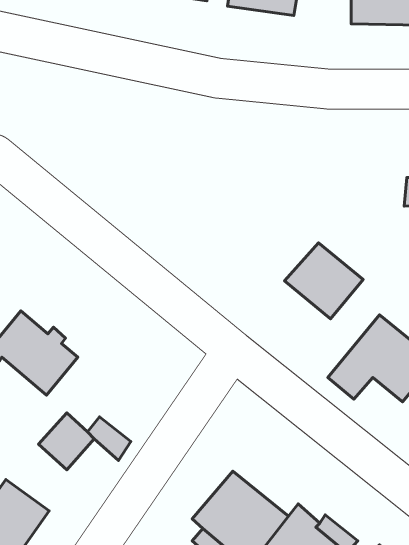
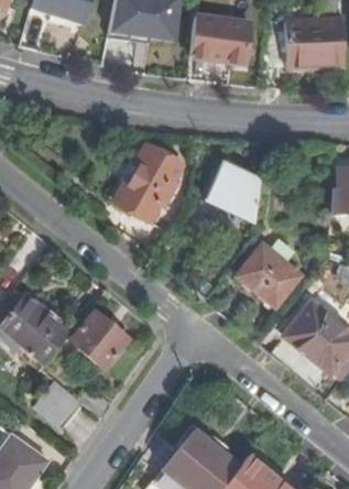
building: none -> [117,144,185,230]
building: none -> [209,160,264,232]
building: none -> [73,305,130,362]

